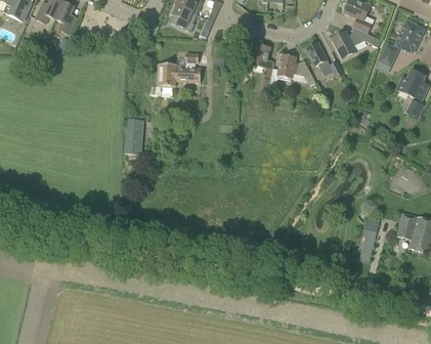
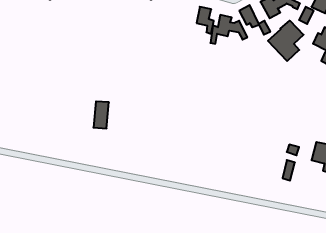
building: [157,52,201,85] -> none
building: none -> [268,21,304,61]
building: [124,119,143,153] -> [93,101,109,128]

